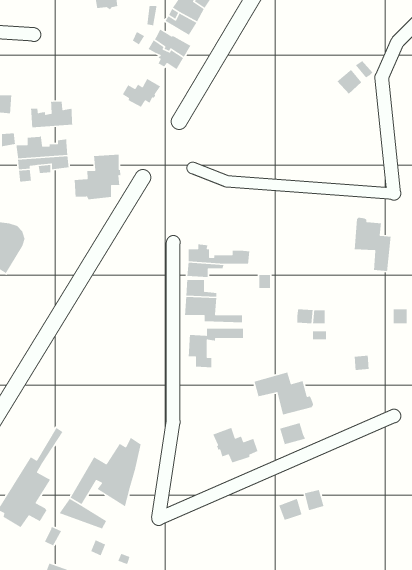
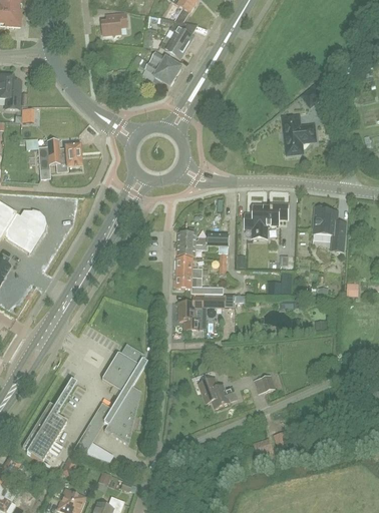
building: [122,78,161,108] -> none
building: [30,100,73,128] -> none
building: none -> [283,113,315,151]
building: [74,154,121,200] -> none
building: none -> [245,201,288,236]
building: [254,371,314,416] -> none
building: none -> [101,343,146,393]

